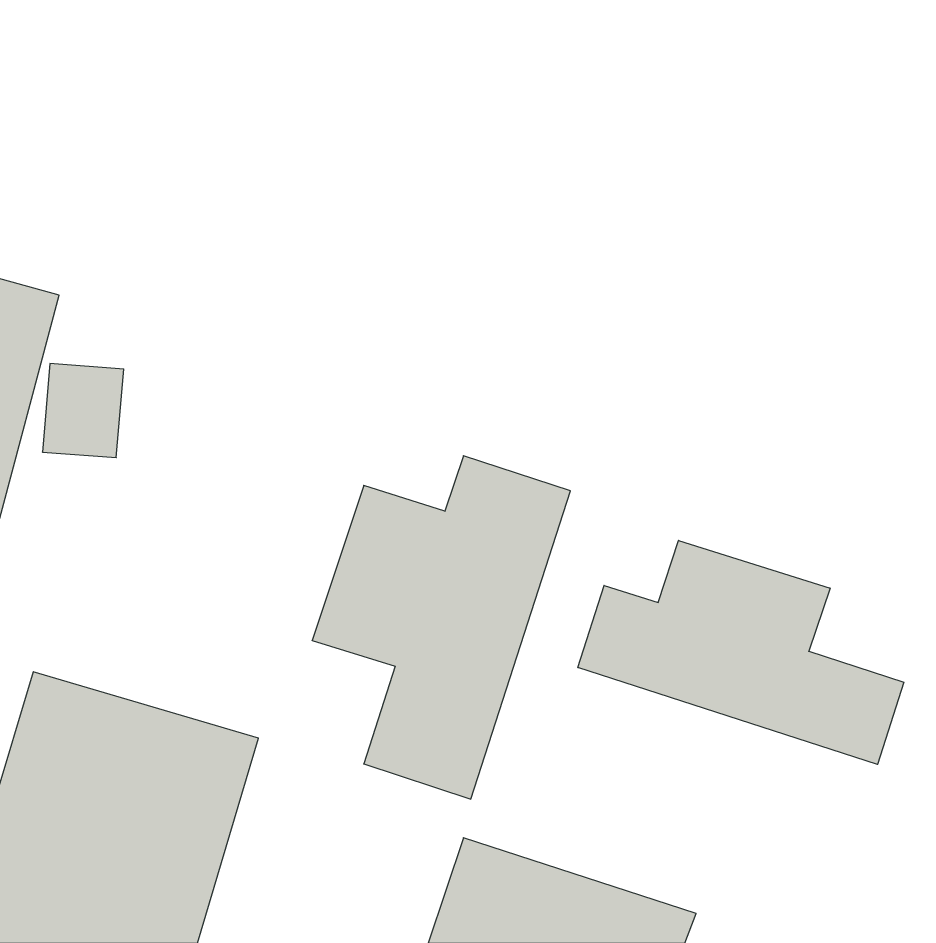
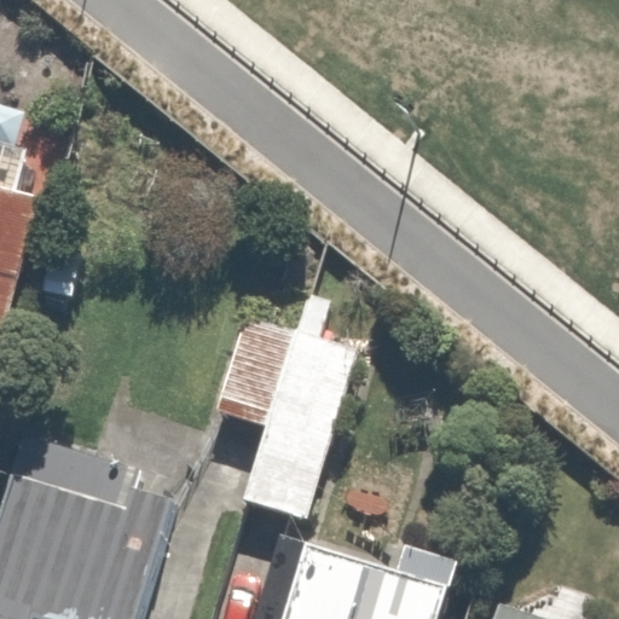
building: [578,540,904,764] -> none

